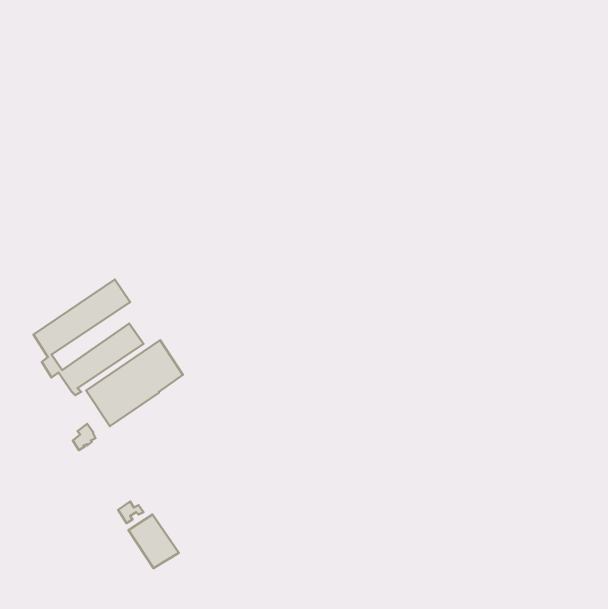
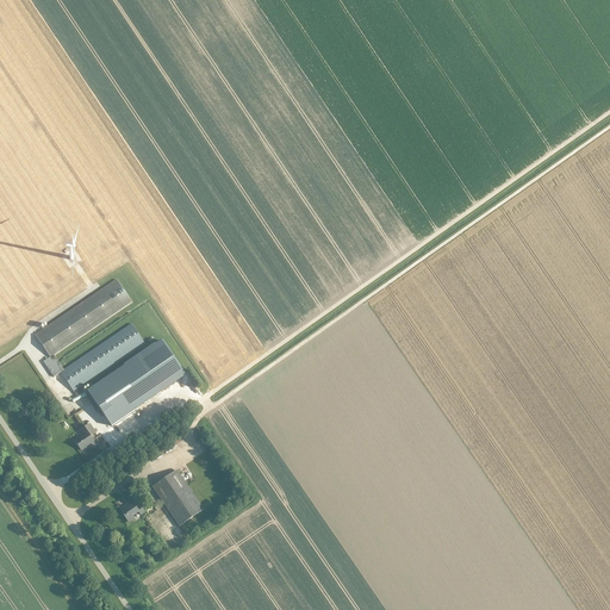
building: [129,515,179,568] -> [151,471,201,524]

